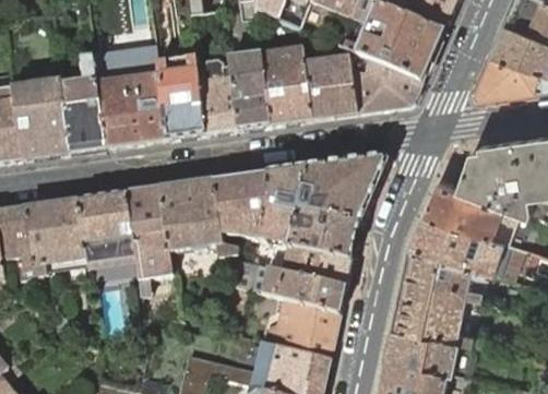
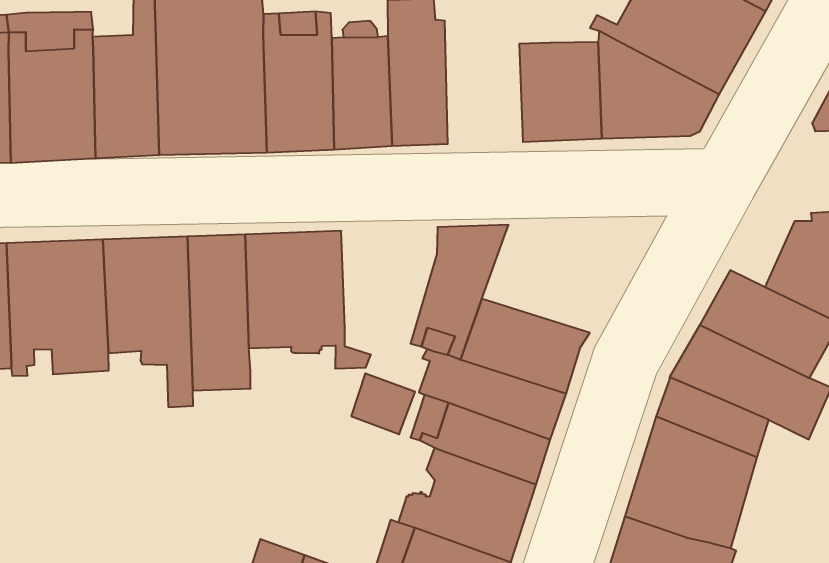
building: [261,45,313,123] -> none
building: [299,155,390,223] -> none
building: [215,171,271,239] -> none

